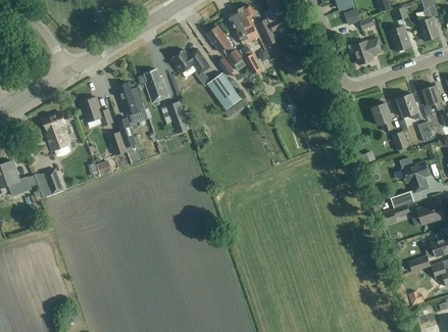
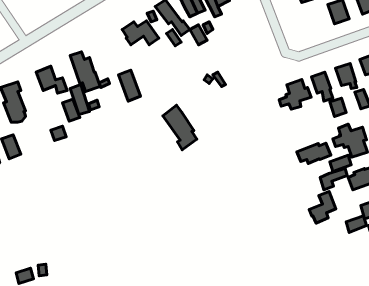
building: [352,37,383,64] -> none
building: [139,68,169,102] -> none
building: [208,72,244,118] -> [163,105,197,150]
building: none -> [279,80,311,109]
building: none -> [297,143,331,164]
building: none -> [309,192,336,223]

